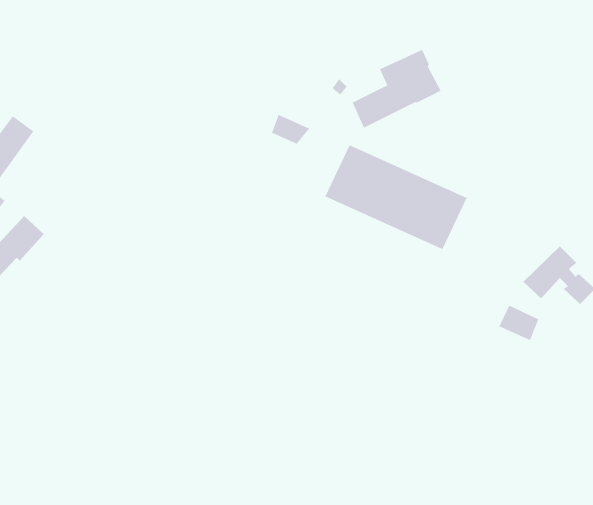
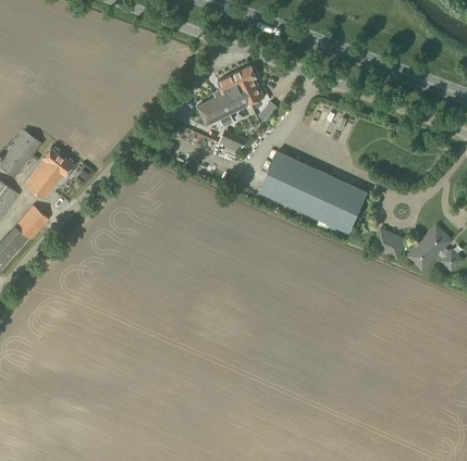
building: [352,49,441,129] -> [197,66,265,126]
building: none -> [24,148,72,200]
building: [499,305,539,341] -> [373,231,404,258]

